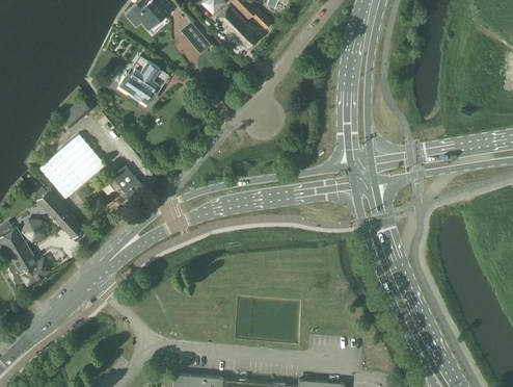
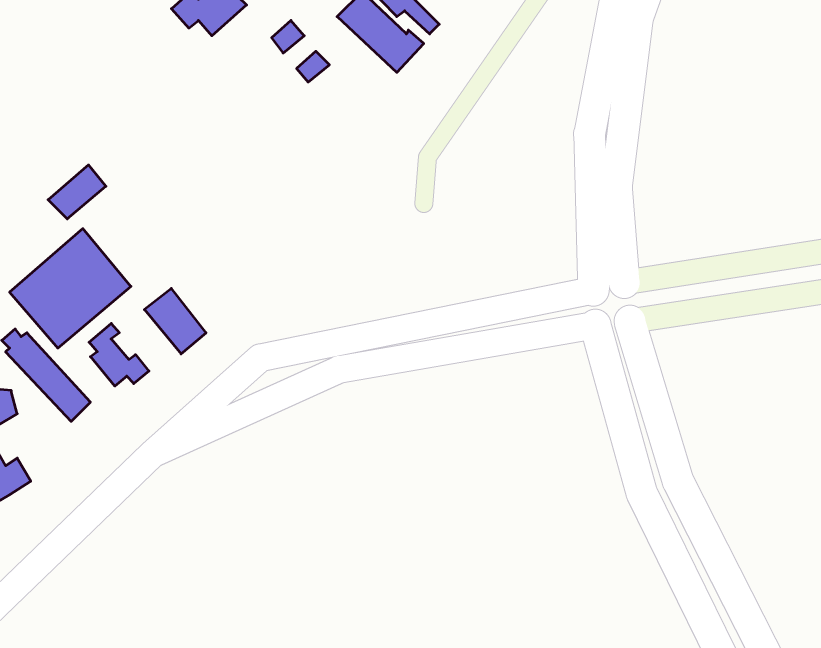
building: [118,57,160,105] -> none
building: none -> [89,323,149,386]

